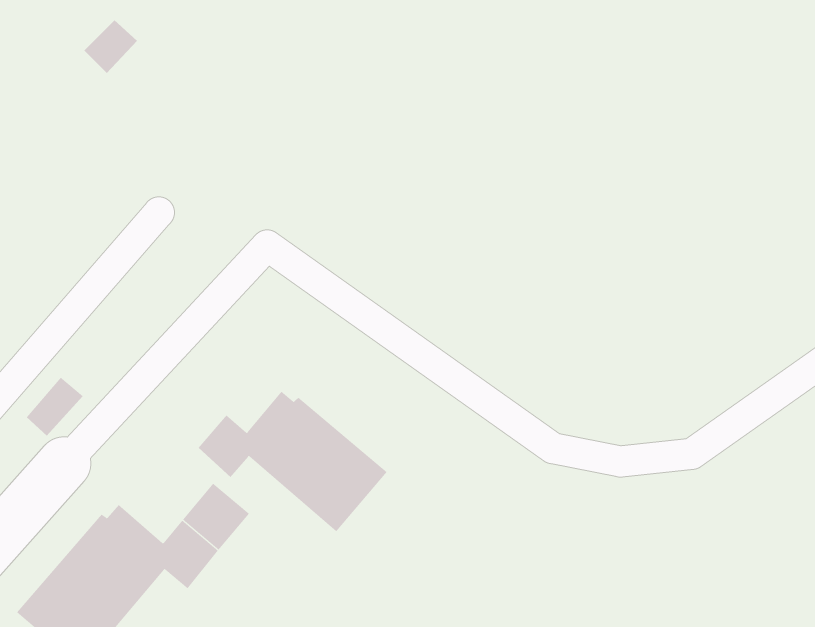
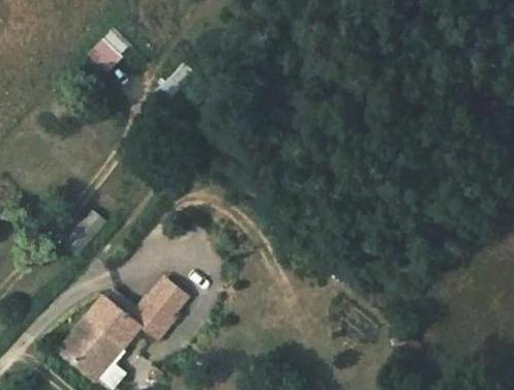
building: [198,391,387,532] -> none

